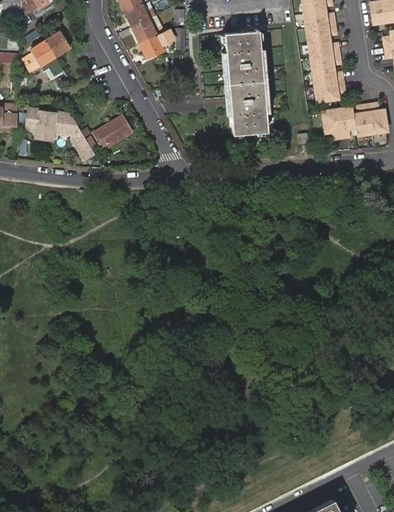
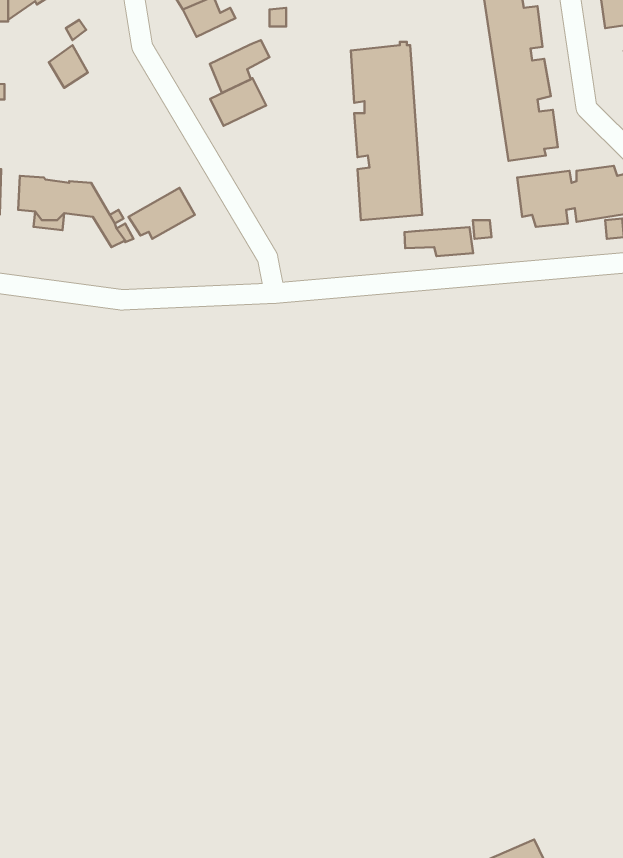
building: [132,15,165,43] -> [210,78,266,126]
building: [21,42,54,72] -> none
building: none -> [405,227,473,256]

